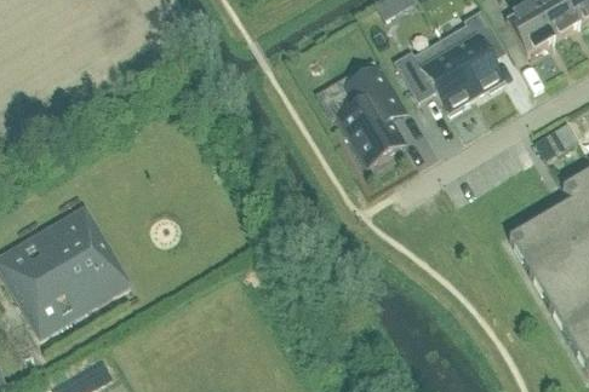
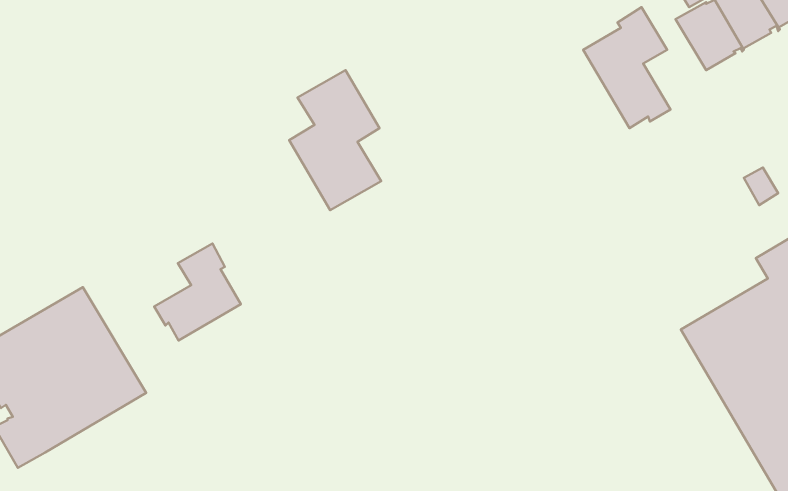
building: [394,39,473,113] -> none
building: [338,65,404,165] -> [289,70,381,210]
building: none -> [154,244,241,341]

